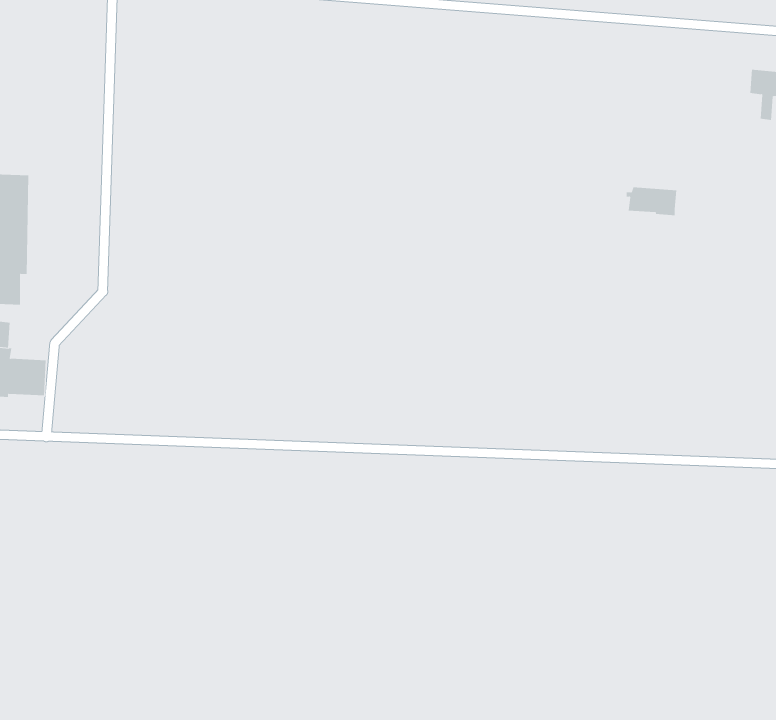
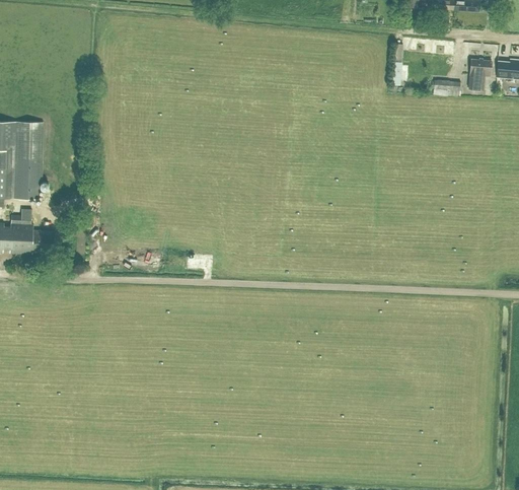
building: [626,187,677,216] -> [429,79,459,96]

